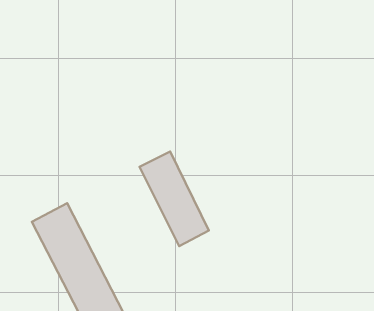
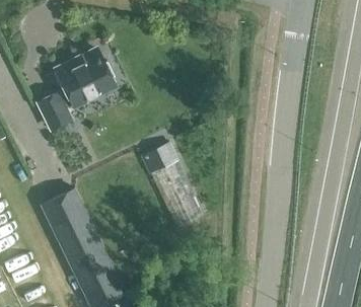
building: none -> [39,50,114,128]

